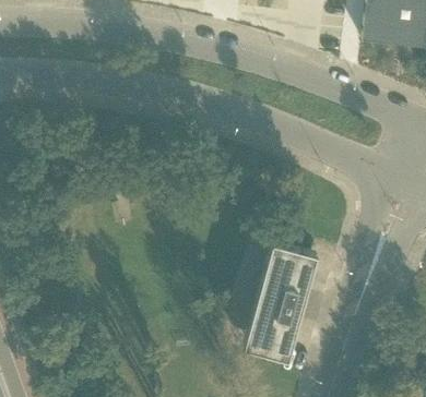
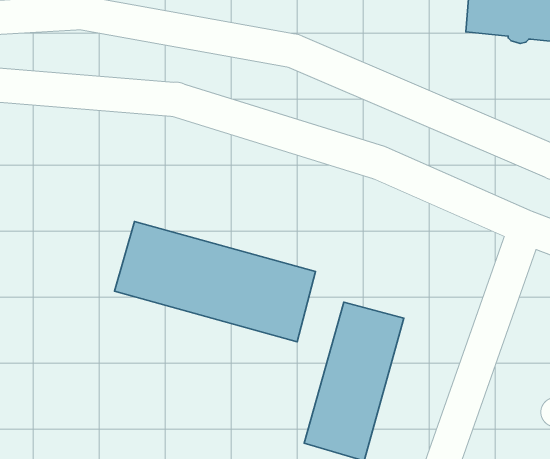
building: none -> [114,222,316,342]

